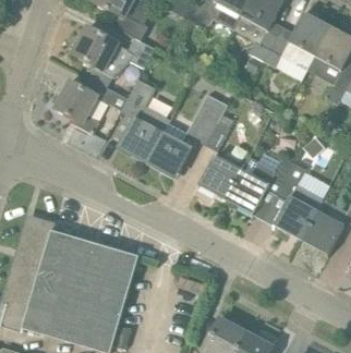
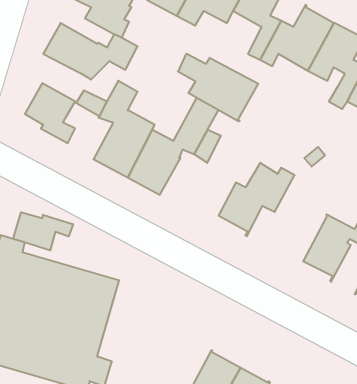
building: none -> [178,54,258,121]
building: [198,155,243,198] -> none
building: [273,162,324,239] -> none
building: none -> [13,212,73,250]

